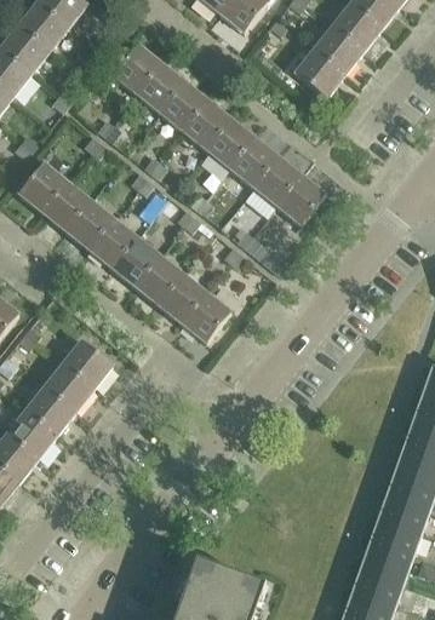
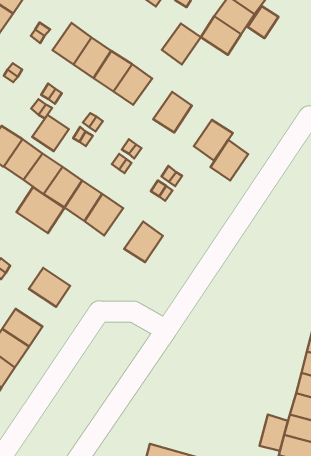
building: none -> [248,6,279,38]
building: [206,120,254,170] -> [162,24,201,64]
building: none -> [32,115,69,151]
building: [253,156,301,206] -> [210,140,248,180]
building: none -> [17,187,64,233]
building: [159,275,207,325] -> none
building: [44,364,93,412] -> none
building: none -> [260,415,288,451]

